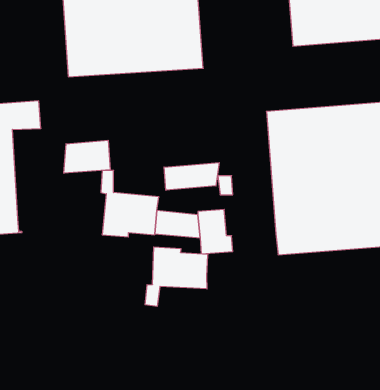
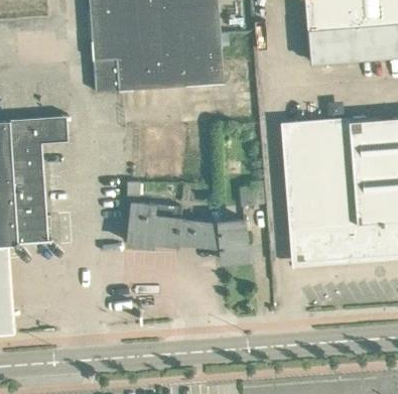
building: [64,140,110,173] -> none
building: [164,163,219,190] -> none
building: [145,247,208,306] -> none

